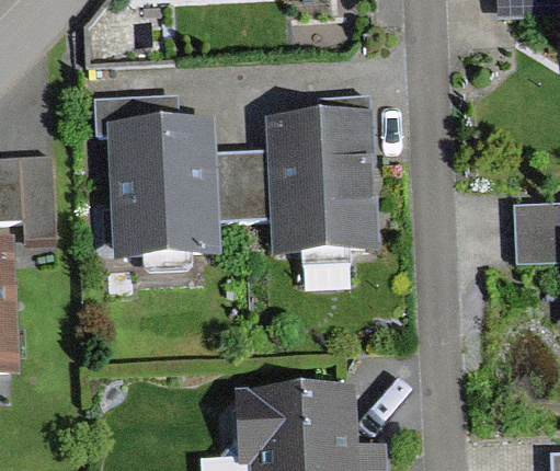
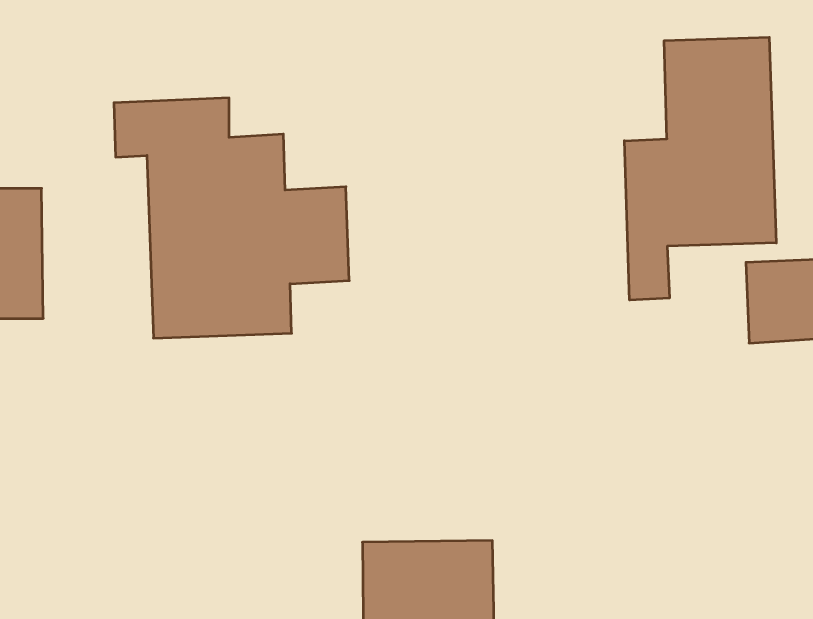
building: none -> [624,37,776,300]
building: [247,116,372,254] -> none

